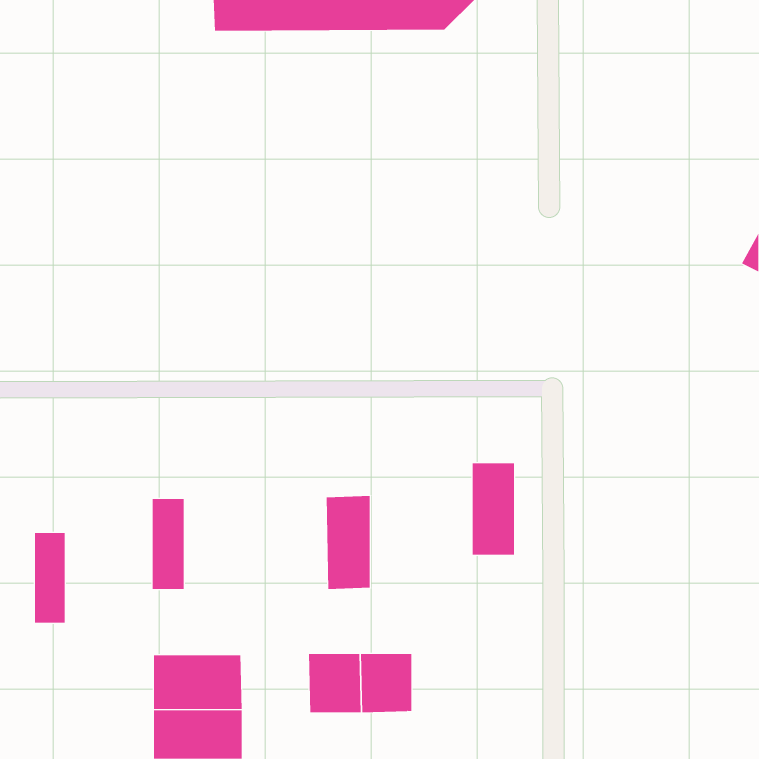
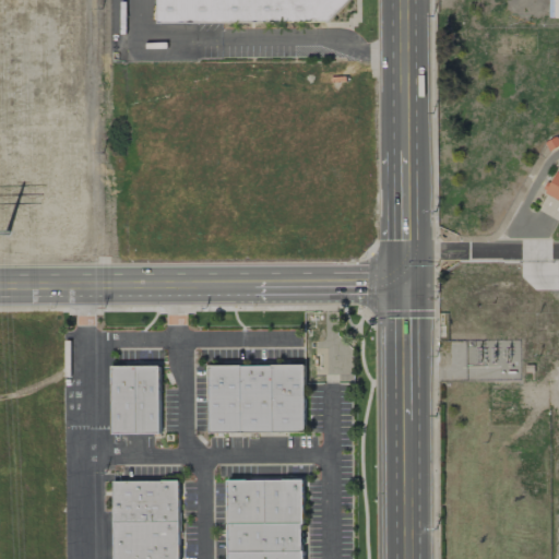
building: [472,463,515,555] -> [272,364,304,431]
building: none -> [207,365,240,432]
building: [34,532,65,623] -> [135,366,158,432]
building: none -> [227,522,300,551]

